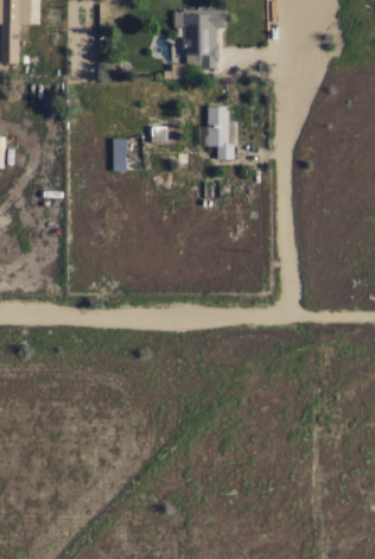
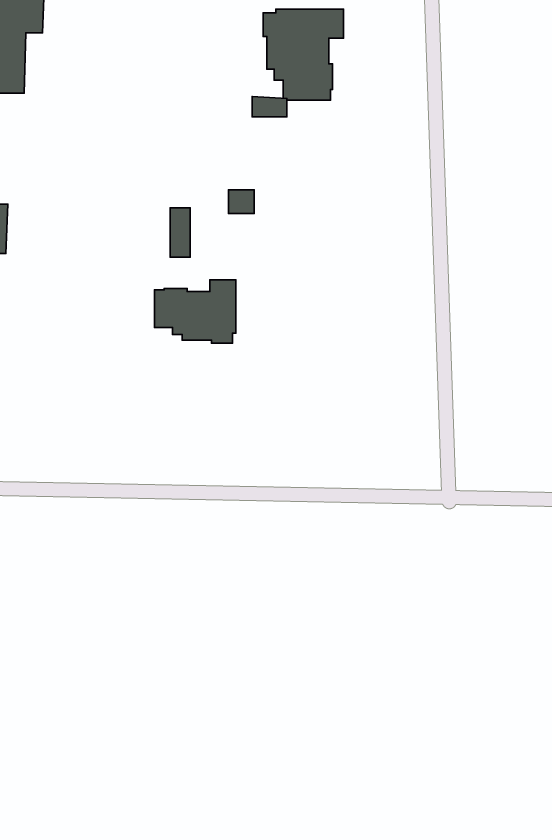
building: [205,106,235,159] -> none
building: none -> [154,280,236,343]

